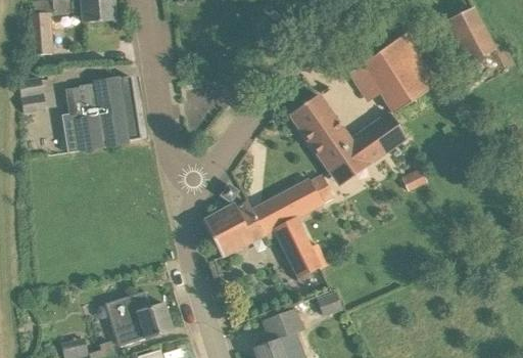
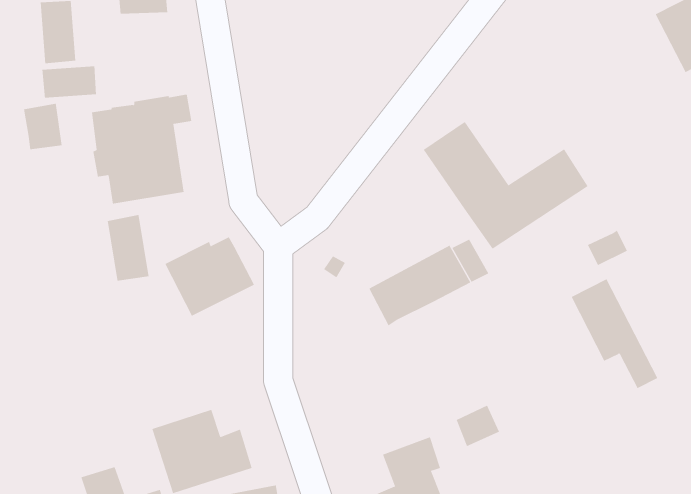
building: [347,33,440,116] -> none
building: none -> [42,65,96,99]
building: none -> [107,214,149,282]
building: [204,200,266,255] -> [164,237,255,317]
building: [272,217,331,292] -> [571,279,658,389]

